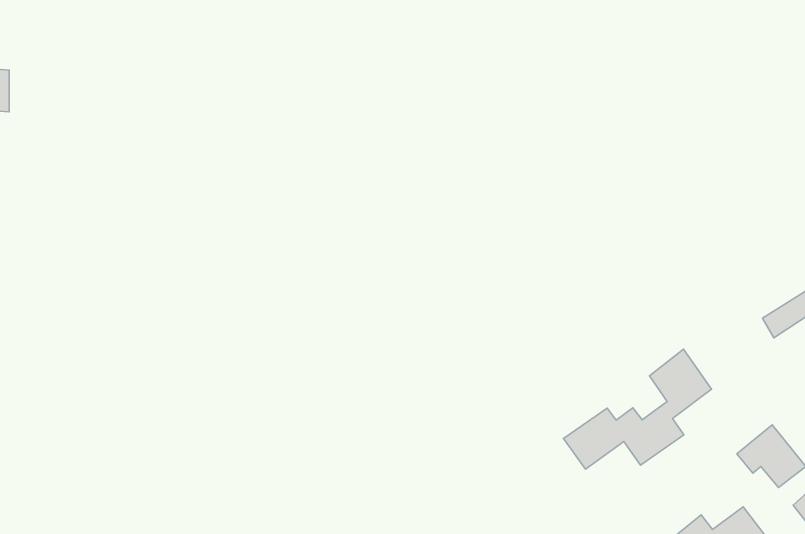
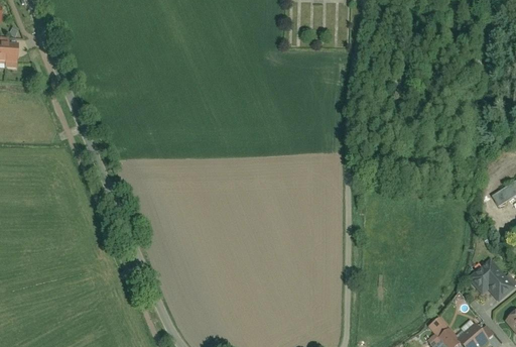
building: [564,349,712,469] -> none

